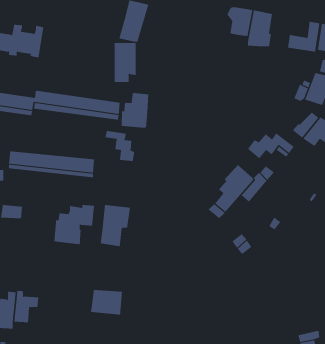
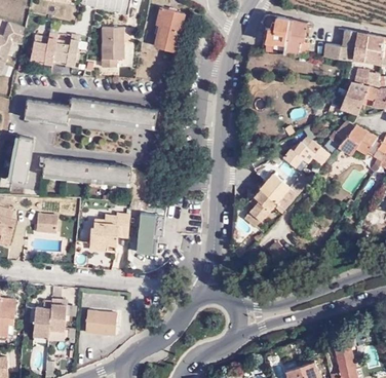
building: [114,42,137,83] -> [102,27,124,67]
building: [121,92,149,128] -> none
building: [105,130,135,162] -> none
building: [90,289,123,315] -> [84,310,117,336]

